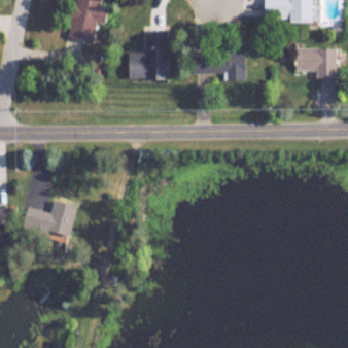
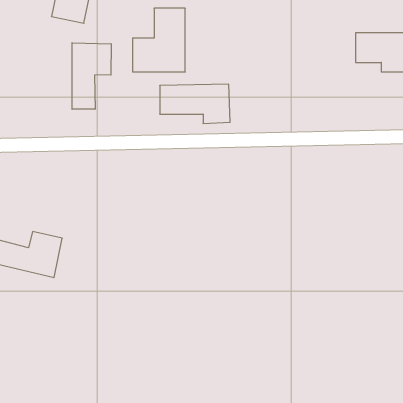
building: [195,51,248,81] -> [160,84,230,124]
building: none -> [72,43,111,109]

